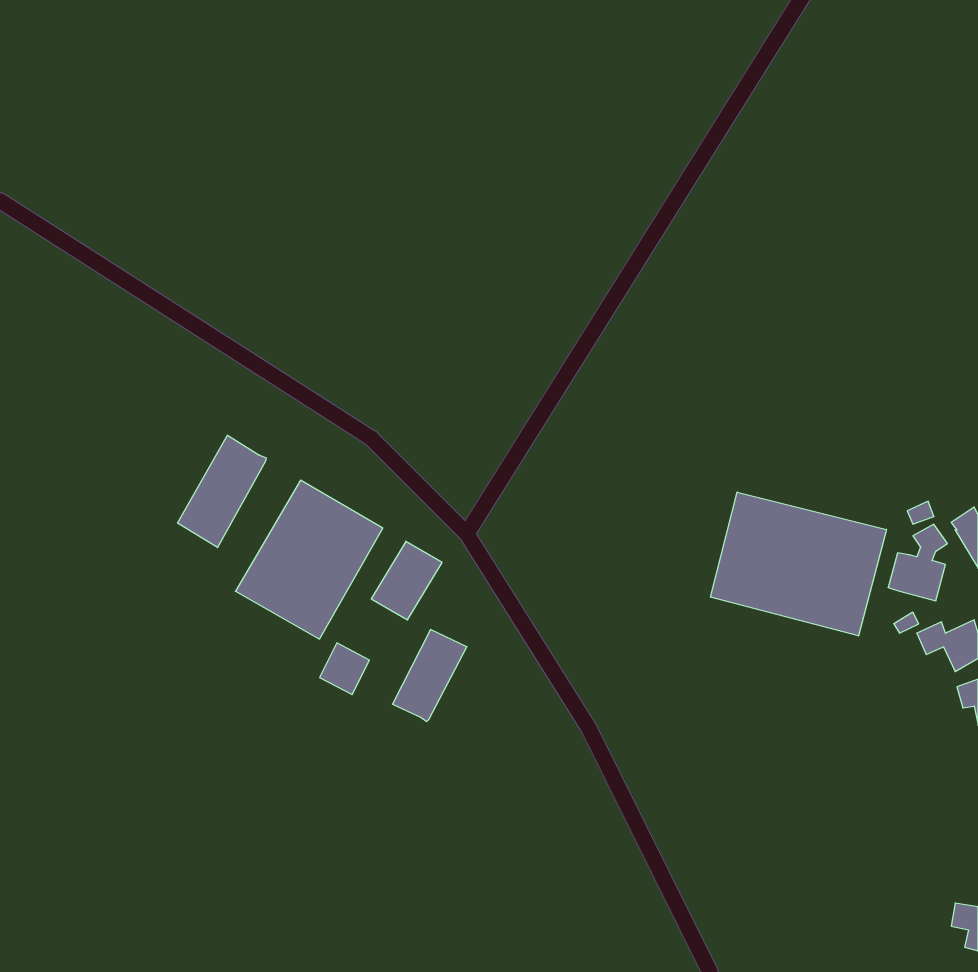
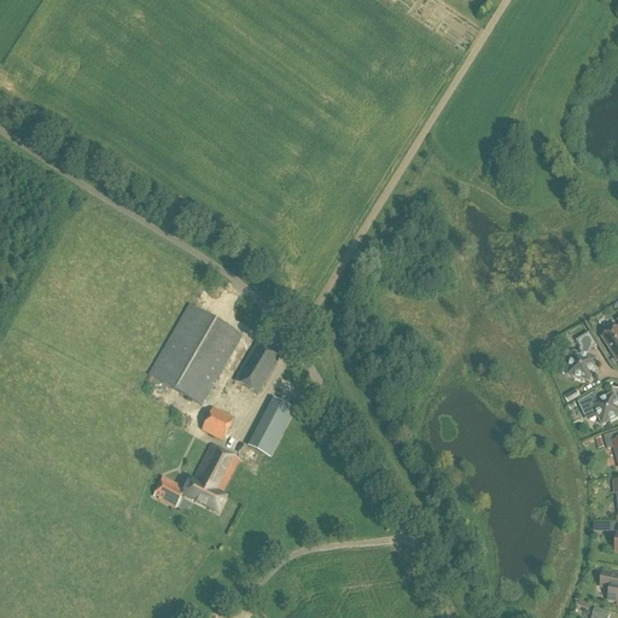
building: [178,435,266,548] -> none
building: [711,492,886,636] -> none
building: none -> [153,443,239,511]

